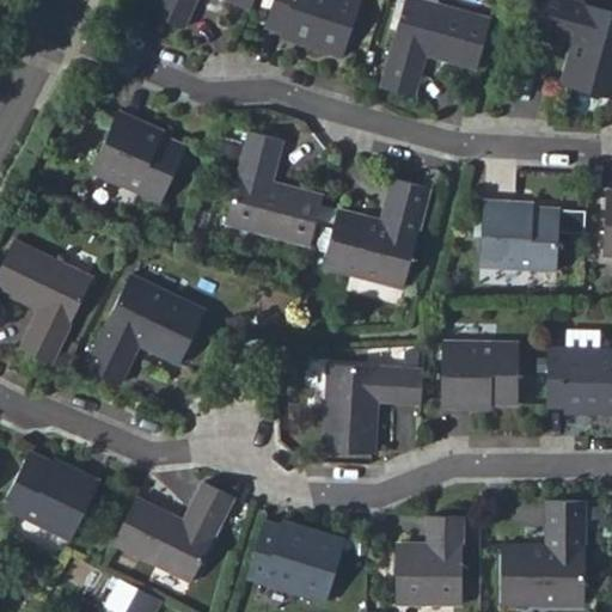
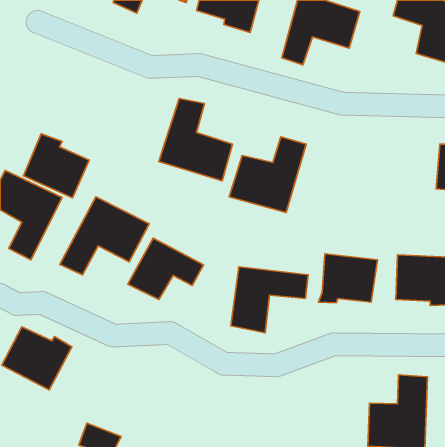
building: [84,116,173,203] -> [23,134,89,198]
building: [481,208,556,276] -> none
building: none -> [128,238,204,300]
building: [118,477,233,574] -> none
building: [250,516,347,601] -> none
building: [398,518,466,606] -> none

